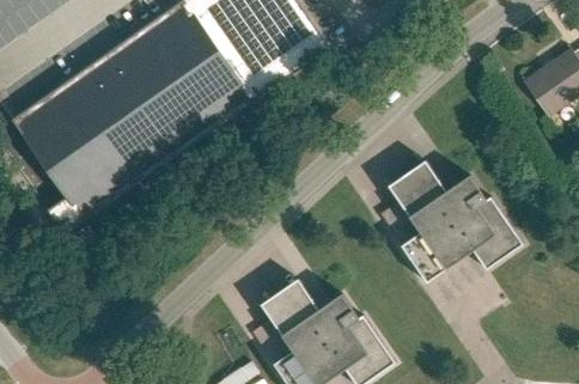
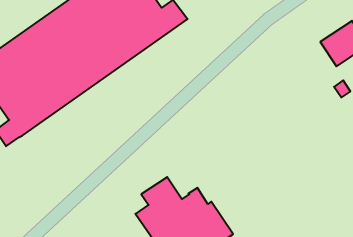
building: [379,159,524,282] -> none

